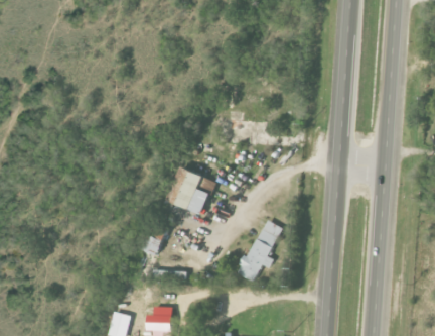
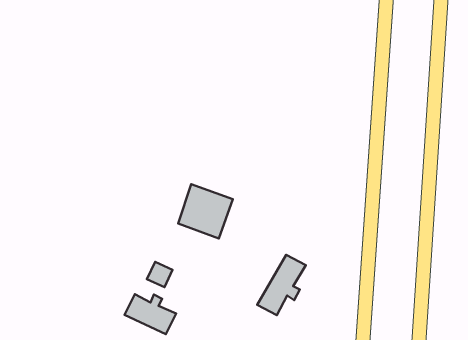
building: none -> [125,294,176,334]

